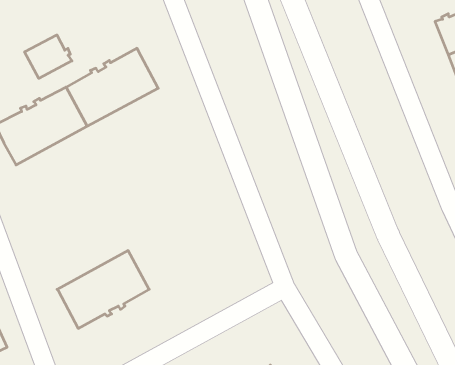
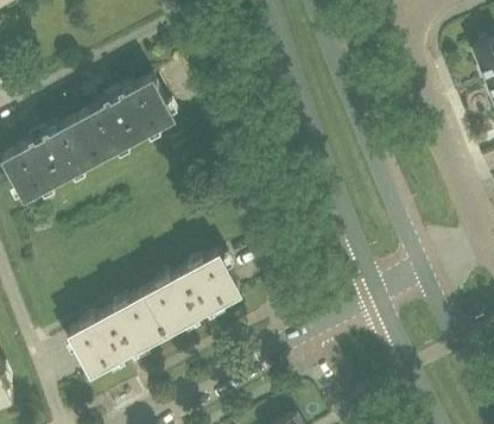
building: [25,35,72,78] -> none
building: none -> [144,253,242,335]

